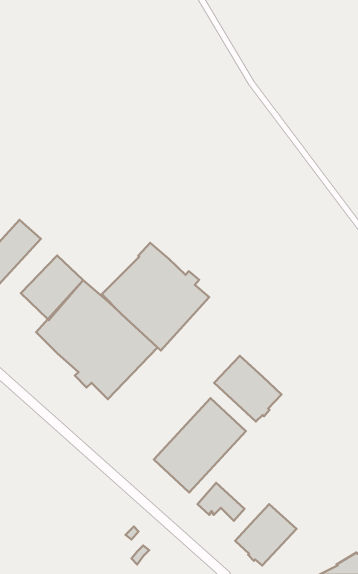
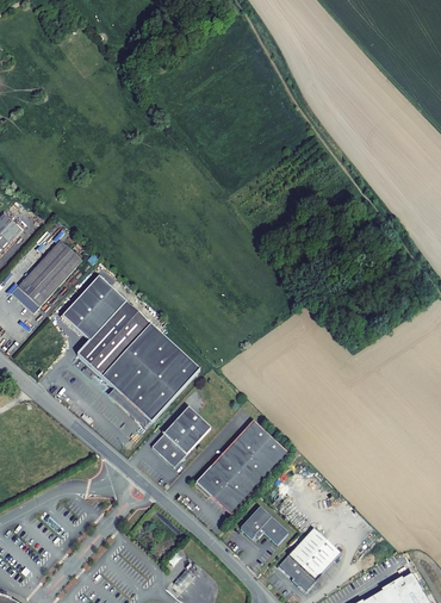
building: [102,243,209,351] -> none
building: [214,356,282,421] -> none
building: none -> [153,406,211,466]

